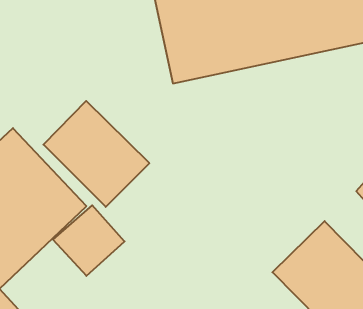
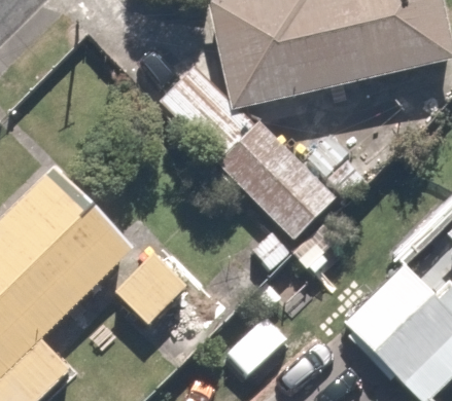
building: [43,101,149,207] -> [215,119,333,236]

